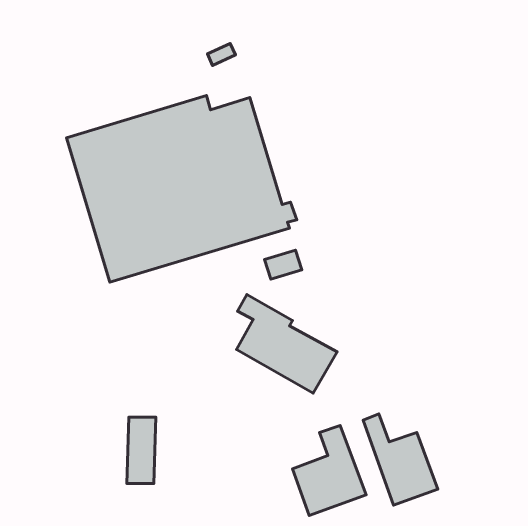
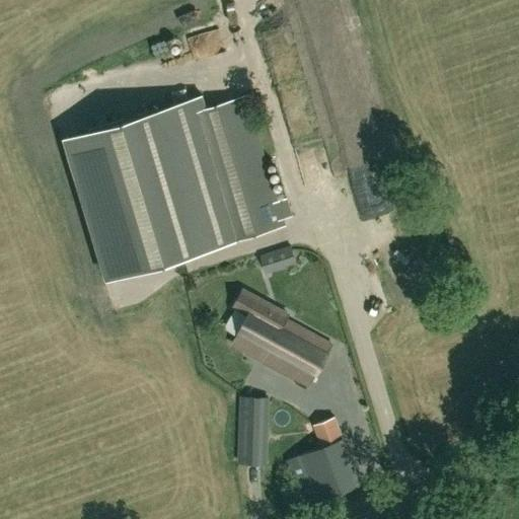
building: [363,414,438,505] -> none
building: [127,417,156,484] -> [238,400,267,465]

